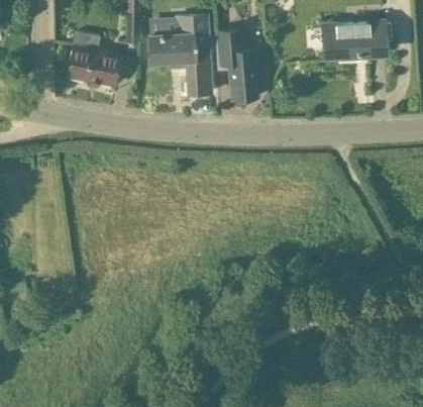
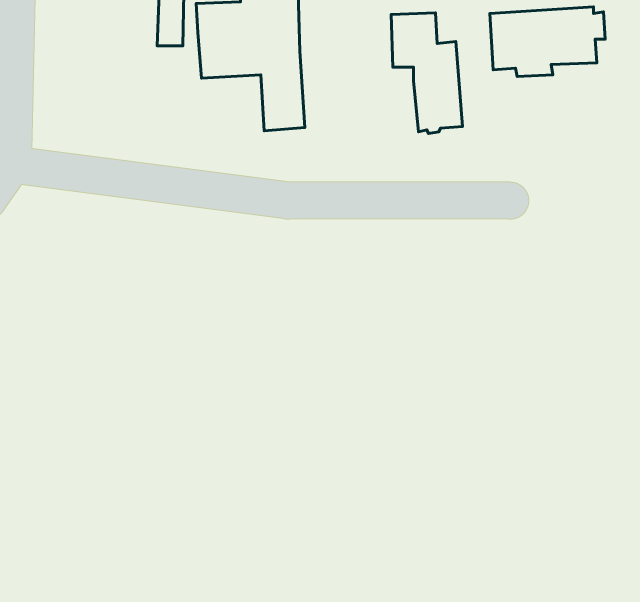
building: [215,29,257,101] -> [391,13,463,133]
building: [67,31,120,86] -> none

